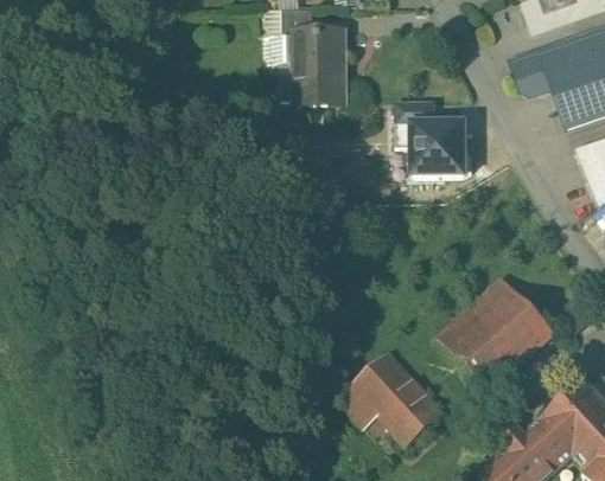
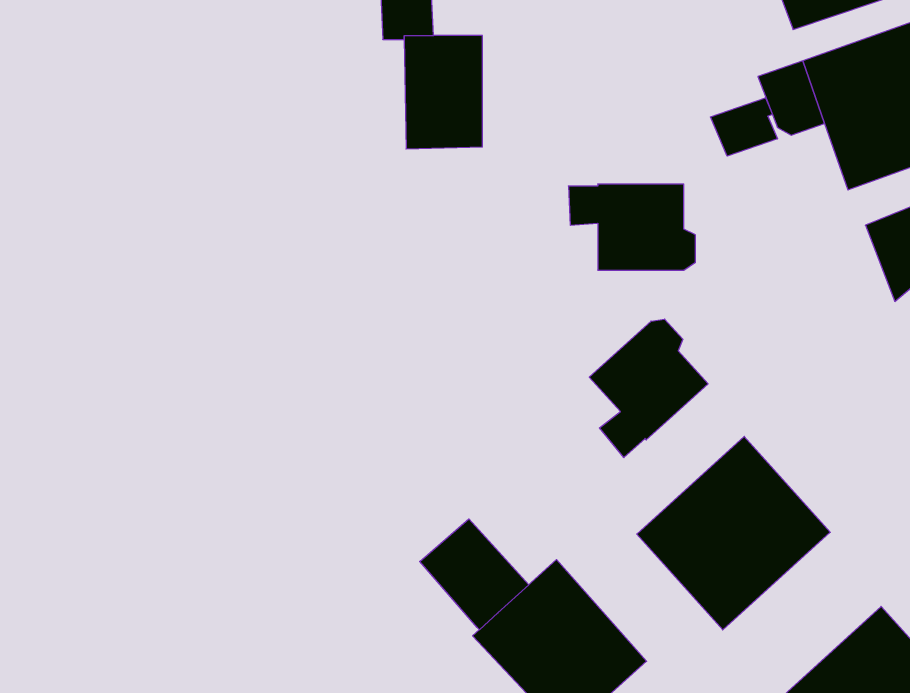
building: none -> [711,98,777,156]
building: [394,101,434,124] -> none
building: none -> [589,319,708,458]
building: none -> [420,519,529,630]

